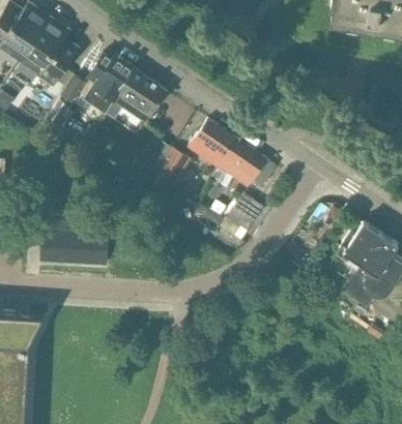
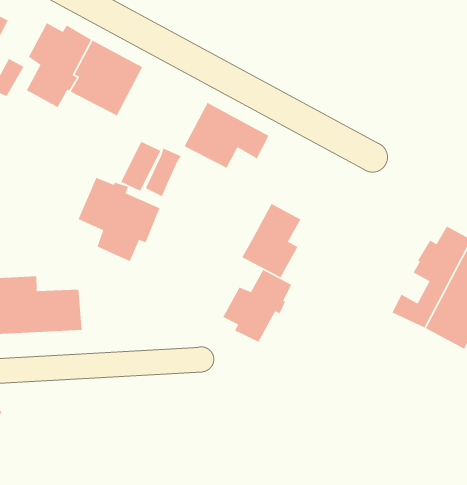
building: [218,148,277,189] -> none
building: none -> [77,177,160,262]
building: none -> [222,269,292,343]

